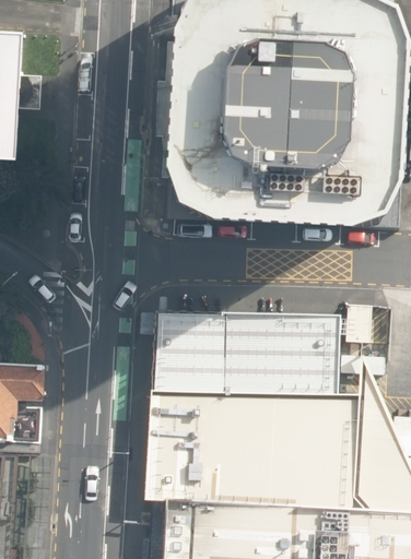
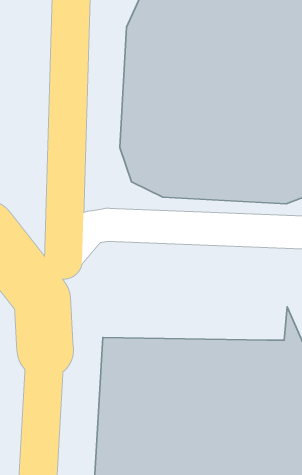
building: [151,308,342,391] -> none

